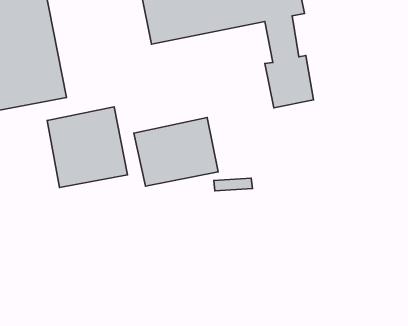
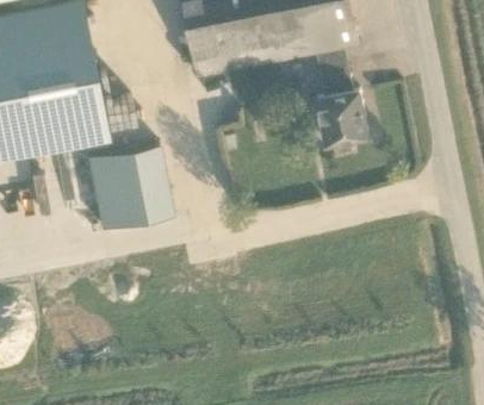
building: [134,117,218,186] -> none

